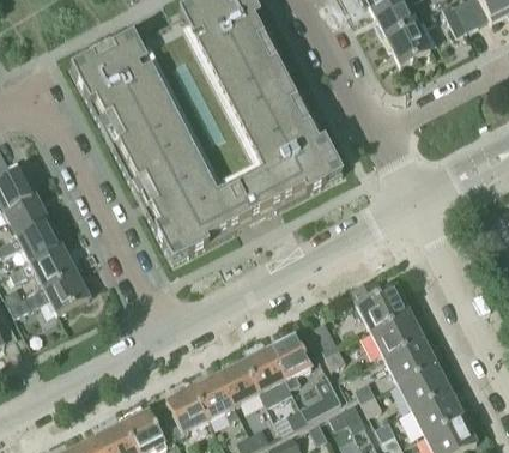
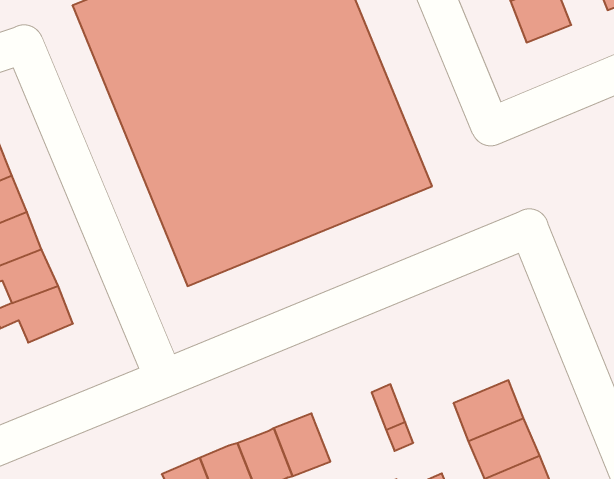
building: [350,279,408,331] -> none
building: [268,334,310,388] -> none

